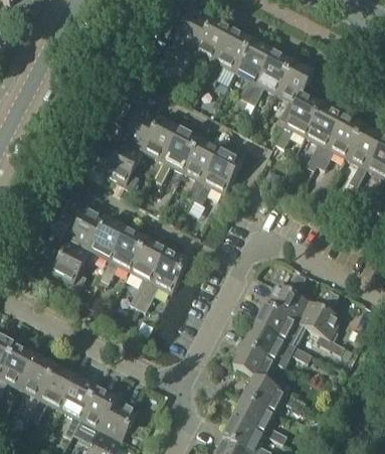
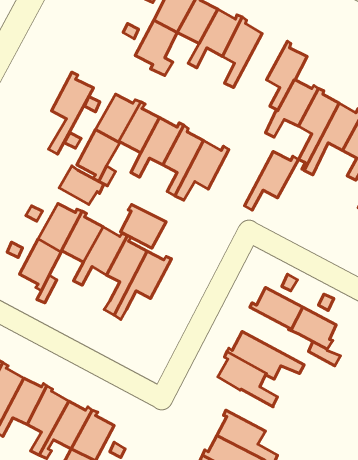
building: [246,51,296,105] -> [244,152,298,210]
building: none -> [49,72,93,154]
building: none -> [59,166,104,204]
building: none -> [121,204,166,248]
building: [254,301,306,345] -> none
building: [239,375,305,414] -> none

